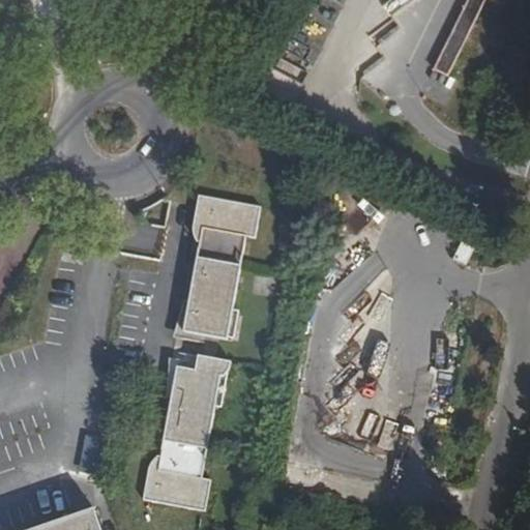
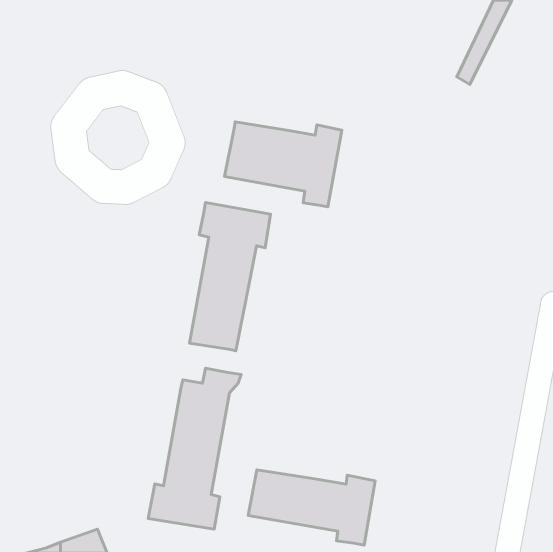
building: none -> [224,122,342,207]
building: none -> [248,470,375,545]

